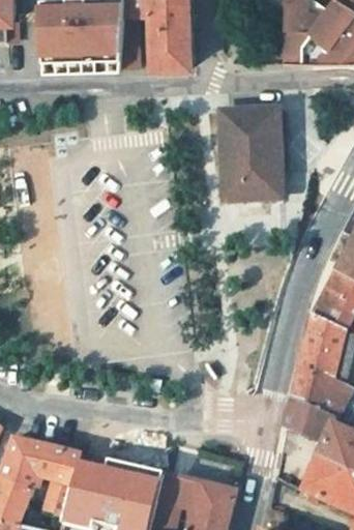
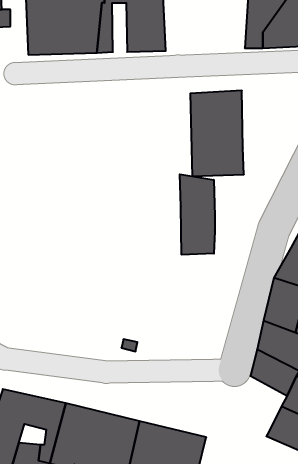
building: none -> [180,174,215,255]

